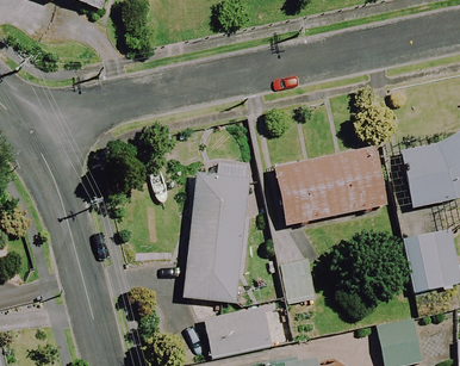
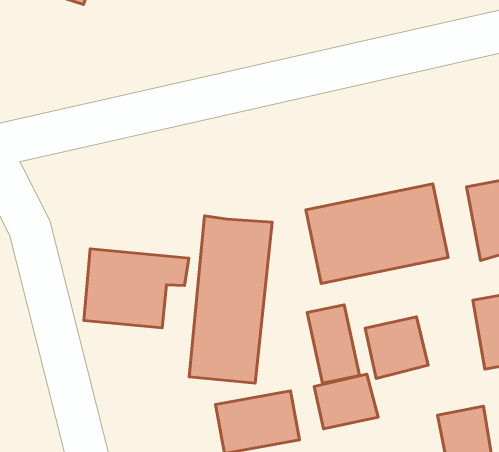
building: none -> [84,249,189,328]
building: none -> [365,317,428,379]
building: none -> [314,374,378,429]

